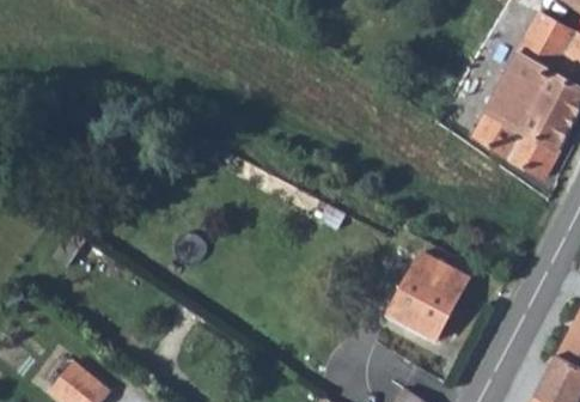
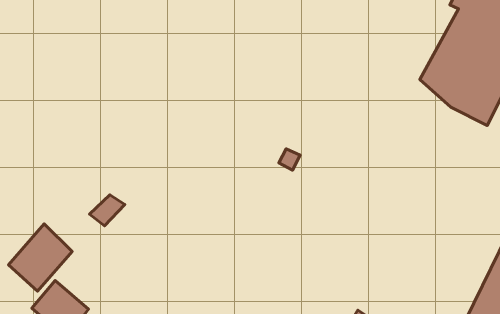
building: [383,250,464,339] -> none
building: none -> [8,224,72,291]

